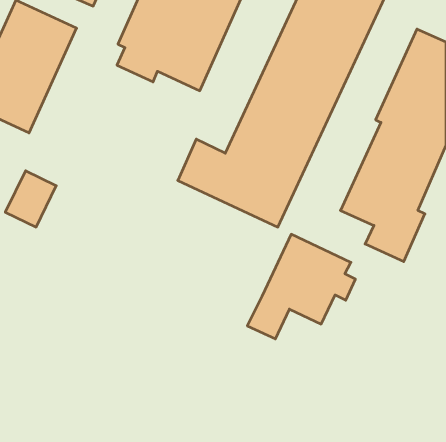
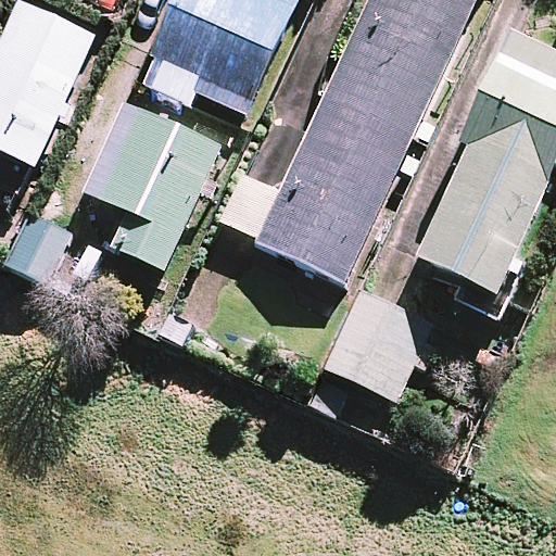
building: none -> [84,100,222,268]

